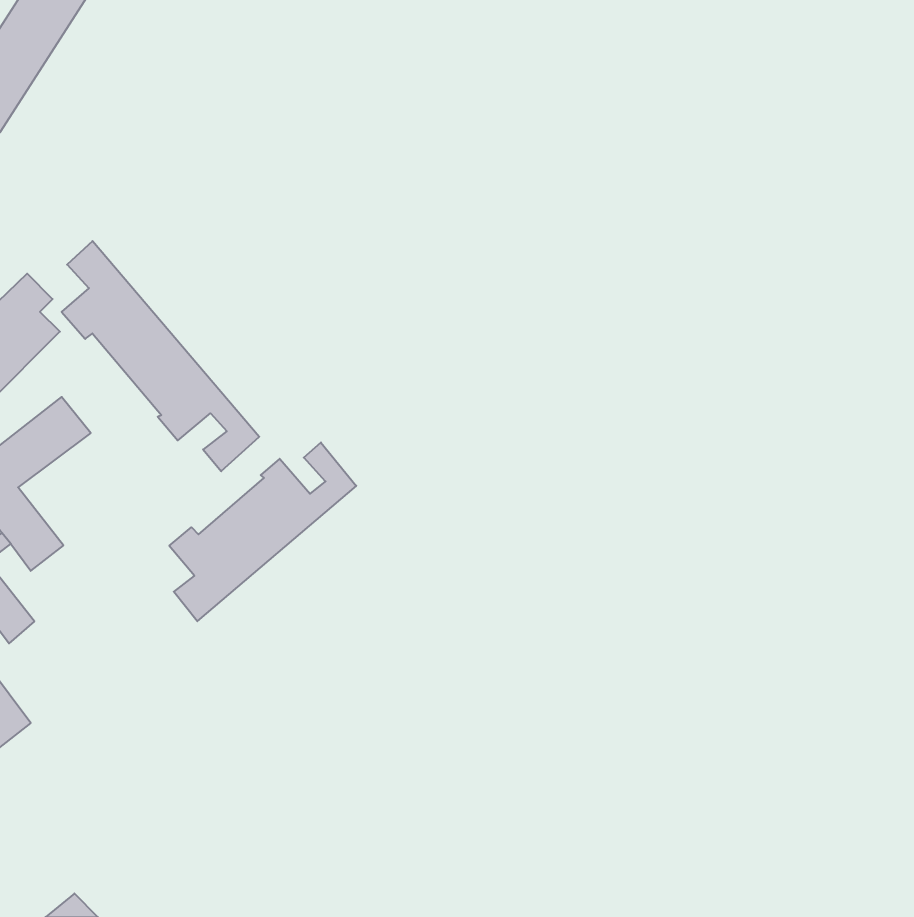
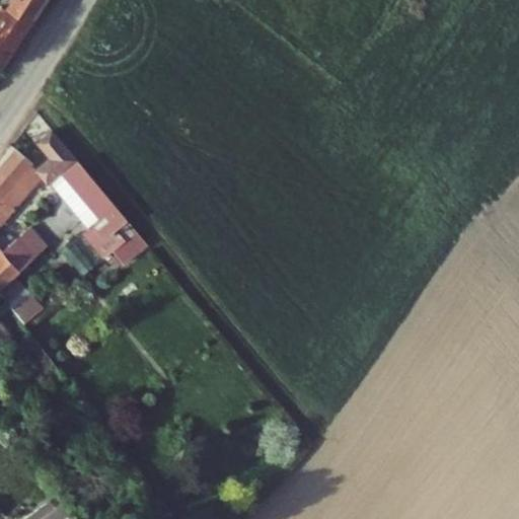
building: [169,442,356,621] -> none

